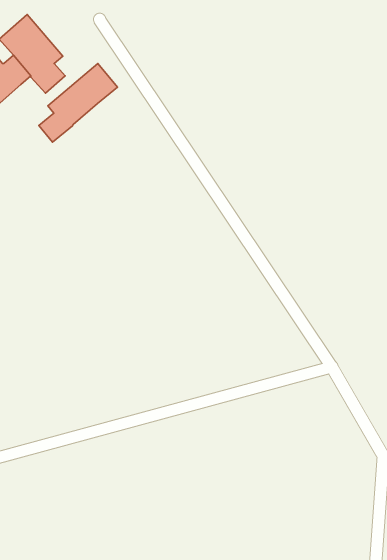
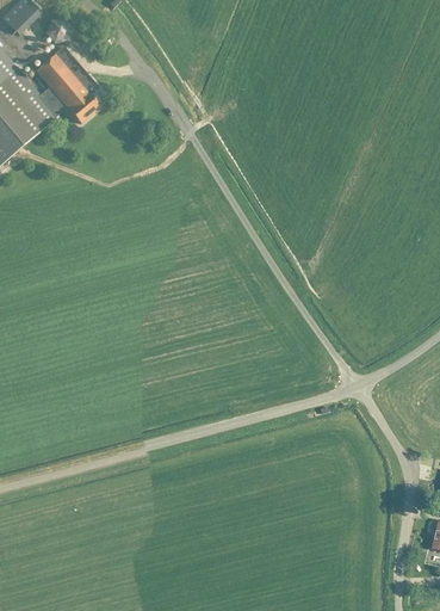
building: [39,63,118,142] -> none

